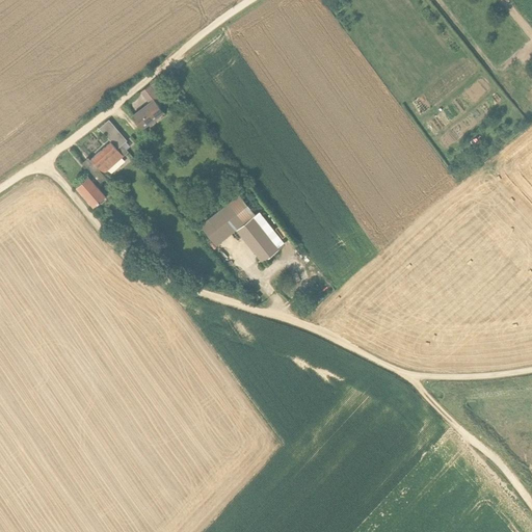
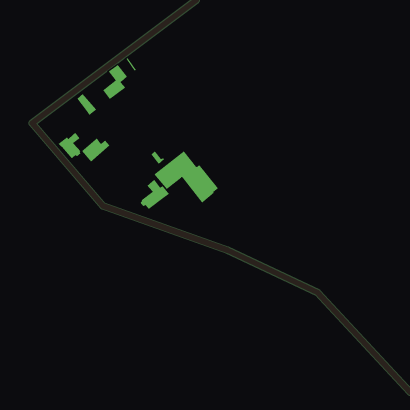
building: [89,143,127,176] -> [81,137,110,162]
building: none -> [140,179,170,210]

